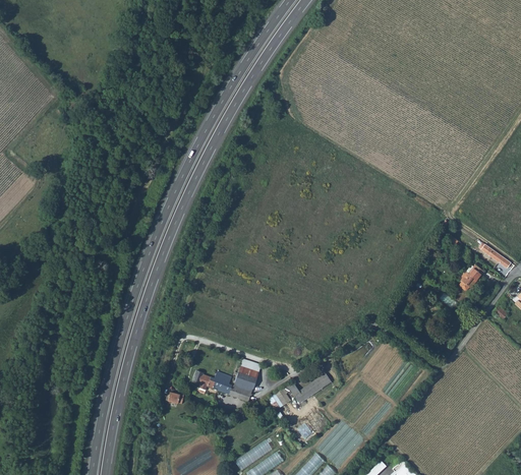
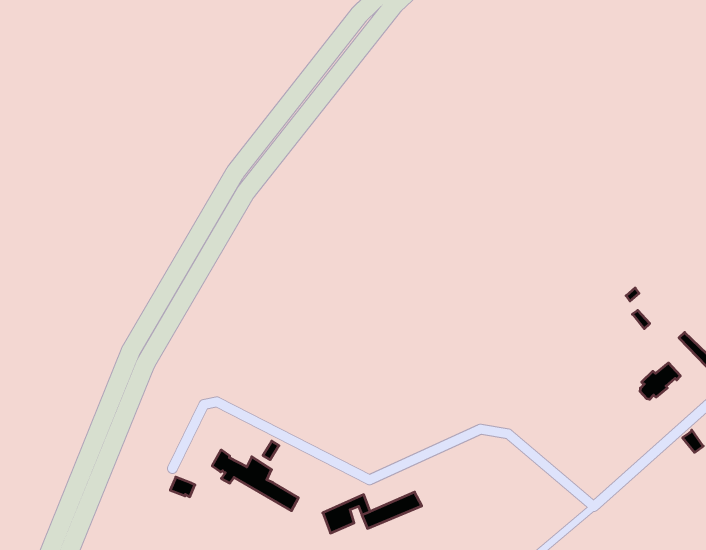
building: [232,360,259,393] -> none

